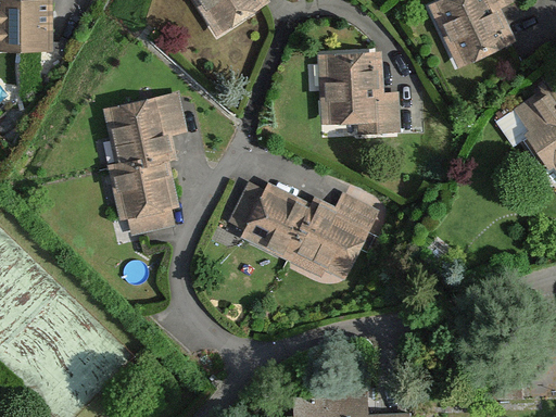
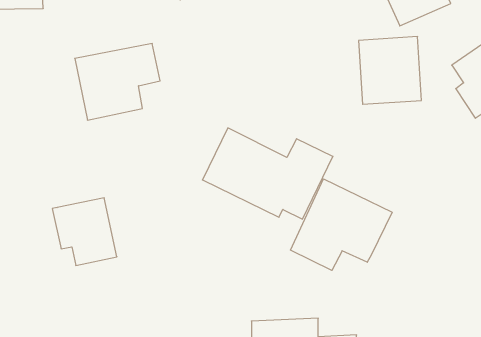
building: [316,50,386,125] -> [359,37,421,104]
building: [105,161,177,236] -> [52,198,117,265]
building: none -> [291,179,392,270]

